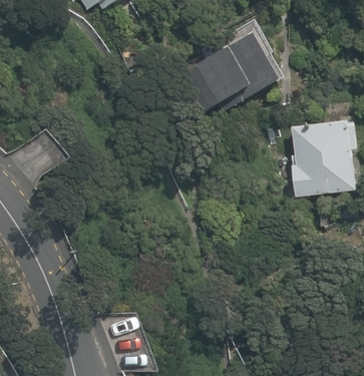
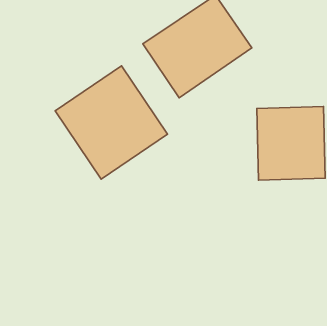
building: none -> [55,66,168,179]

